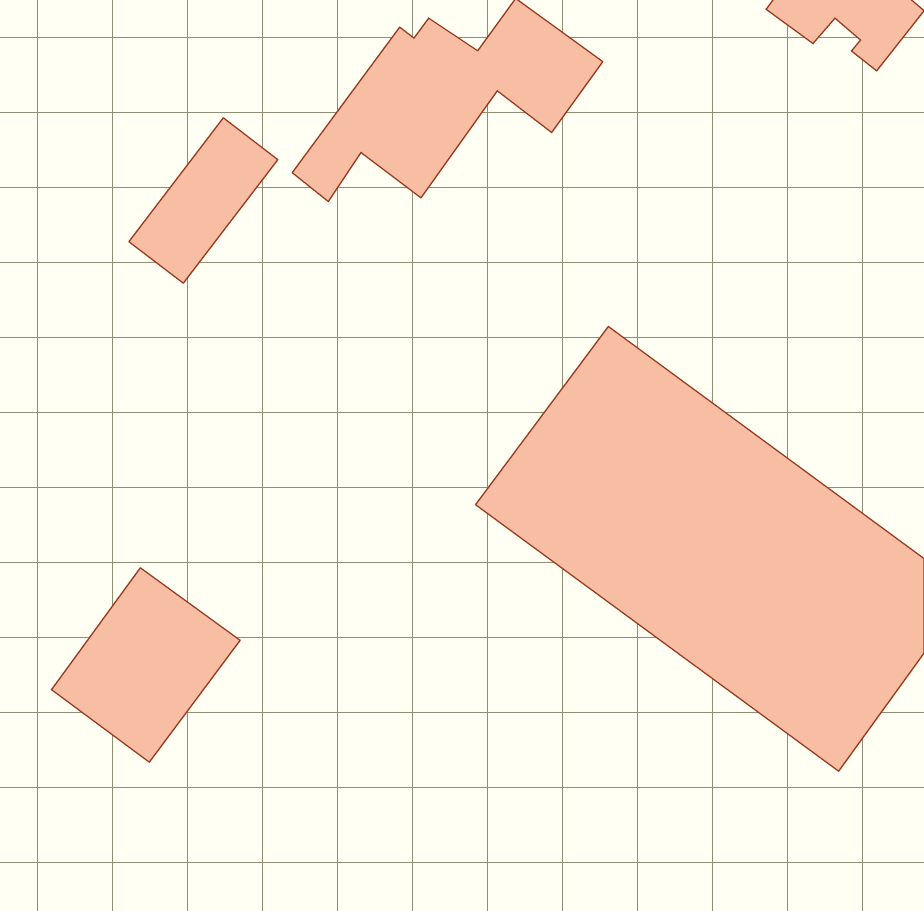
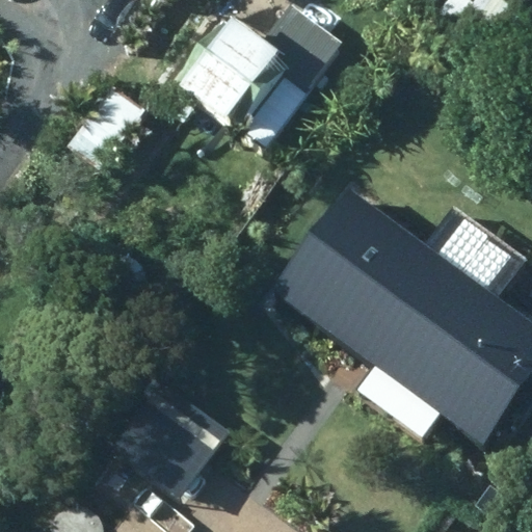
building: [51,568,240,762] -> [119,392,228,503]

